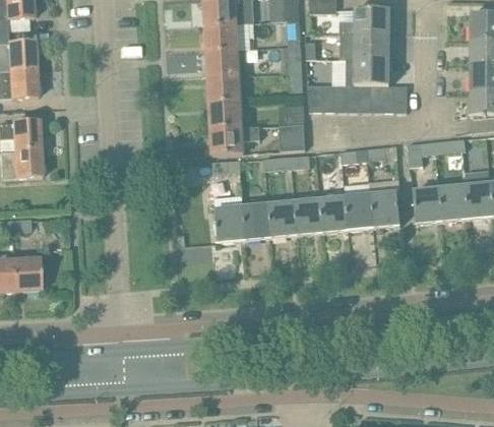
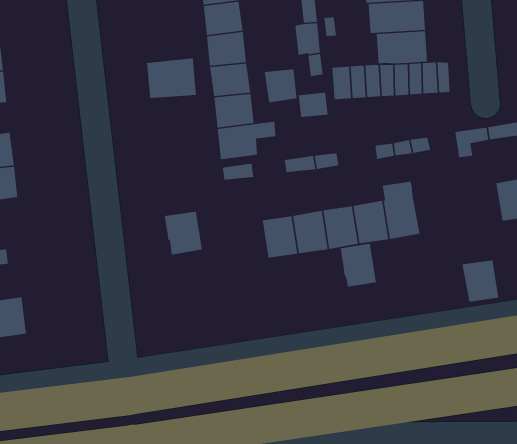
building: none -> [146,58,197,99]
building: [279,123,305,150] -> [264,68,297,103]
building: [413,188,442,223] -> [462,259,499,303]
building: [370,191,400,227] -> none
building: [215,206,246,242] -> [164,211,203,255]
building: none -> [340,243,377,287]

